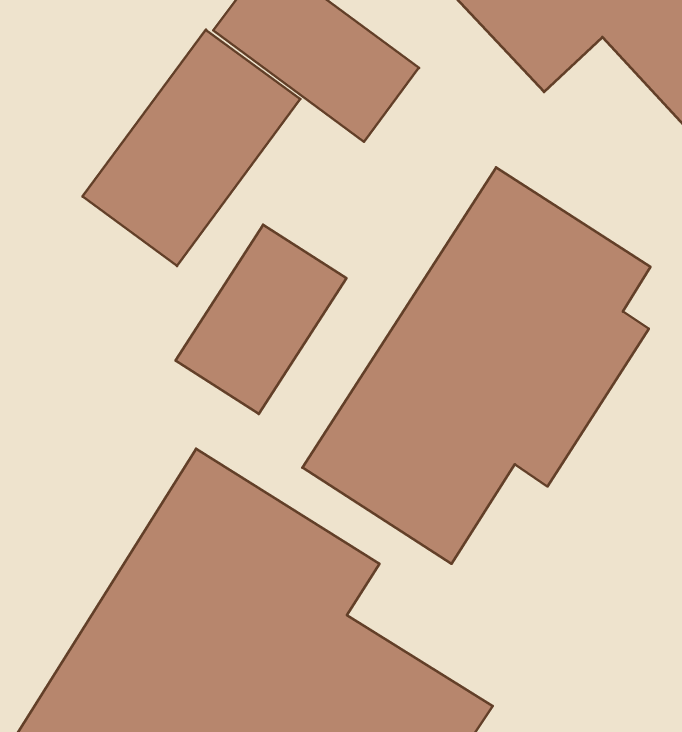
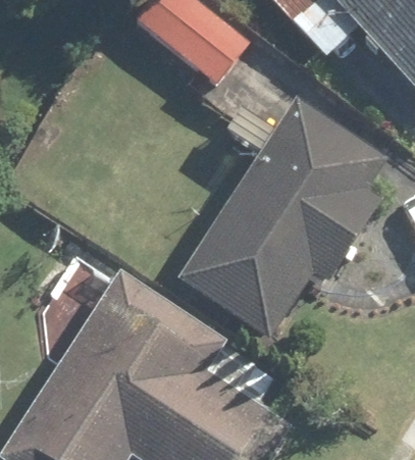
building: [83,30,300,266] -> none
building: [176,225,346,414] -> none

